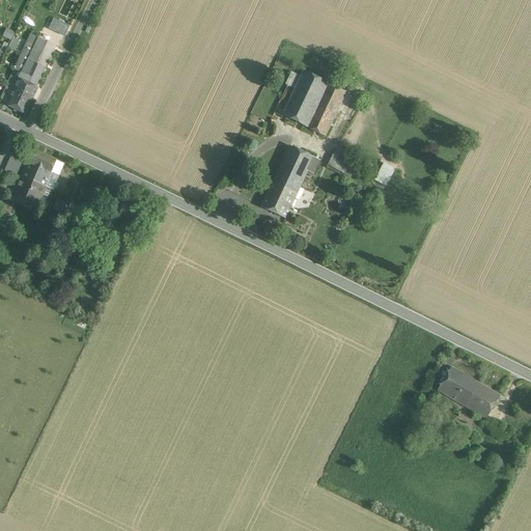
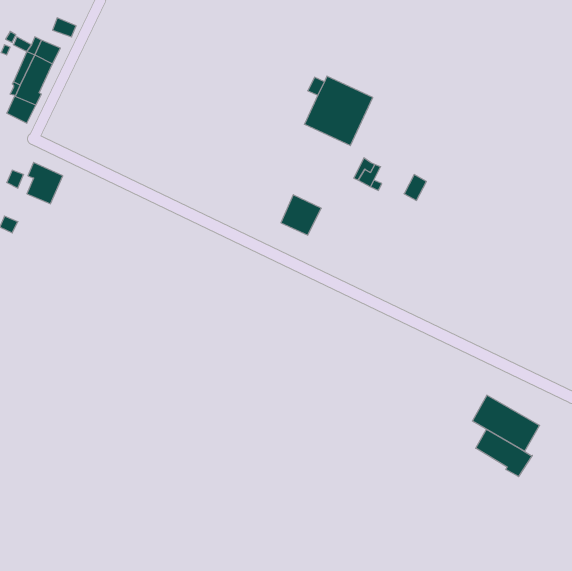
building: [272,145,319,193] -> none
building: [17,179,47,206] -> none
building: none -> [476,429,532,477]

